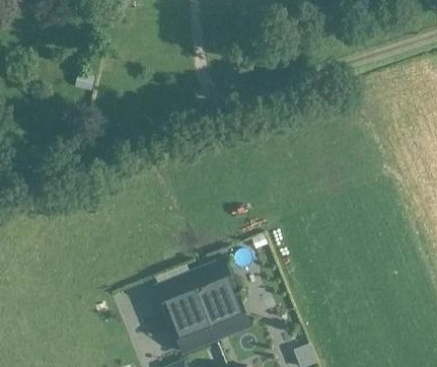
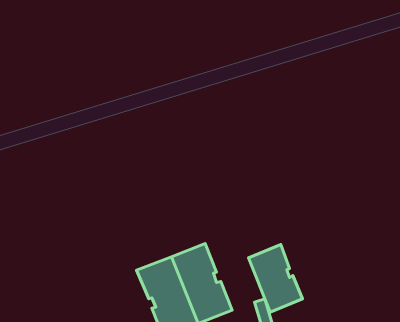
building: none -> [248,245,302,312]

